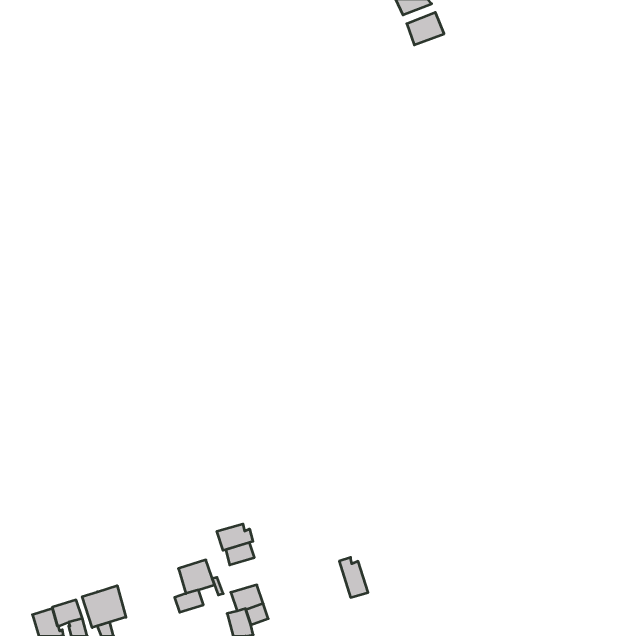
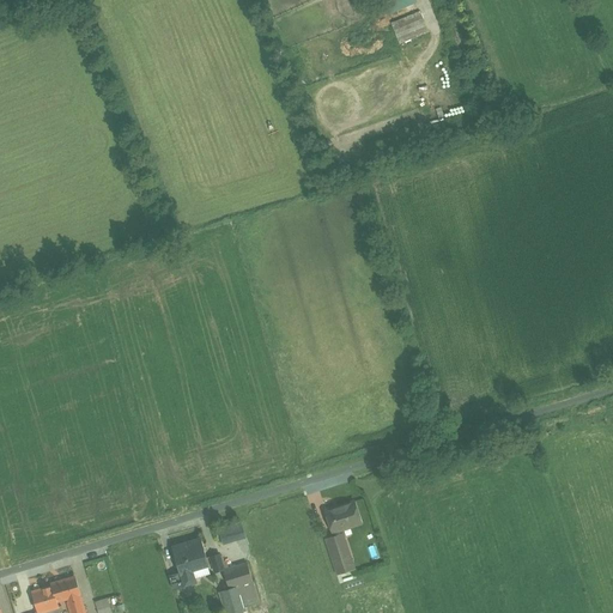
building: none -> [326,503,359,532]
building: [217,524,253,550] -> none
building: [82,586,126,628] -> none

